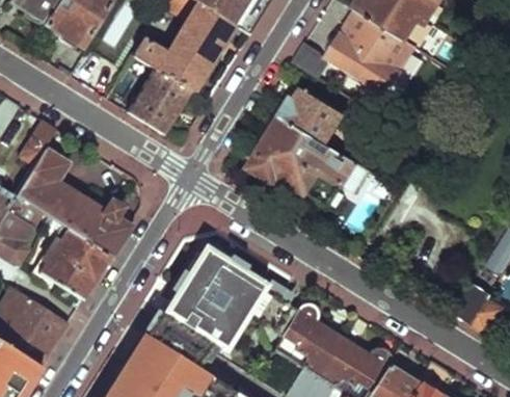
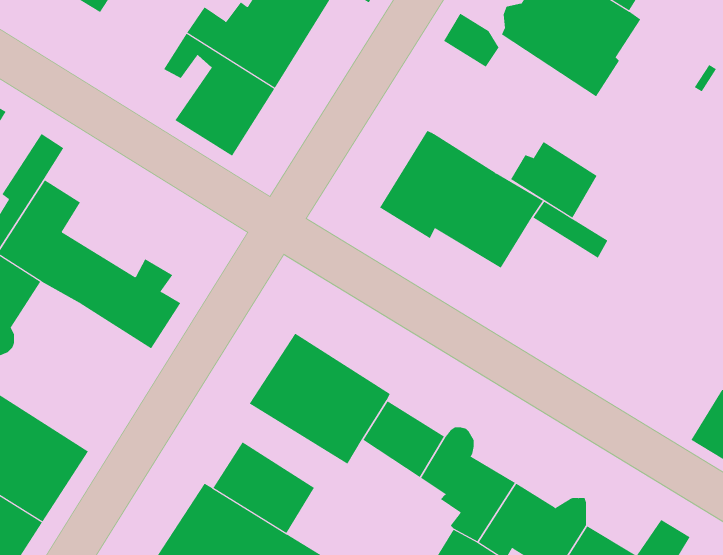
building: [288,96,343,144] -> [510,141,597,219]
building: [36,227,110,300] -> none
building: [159,290,234,348] -> none

